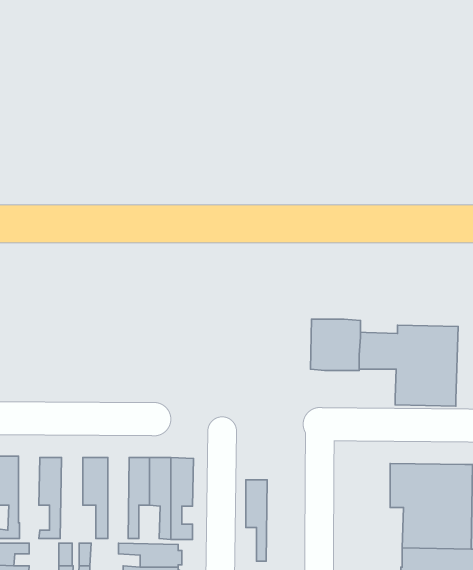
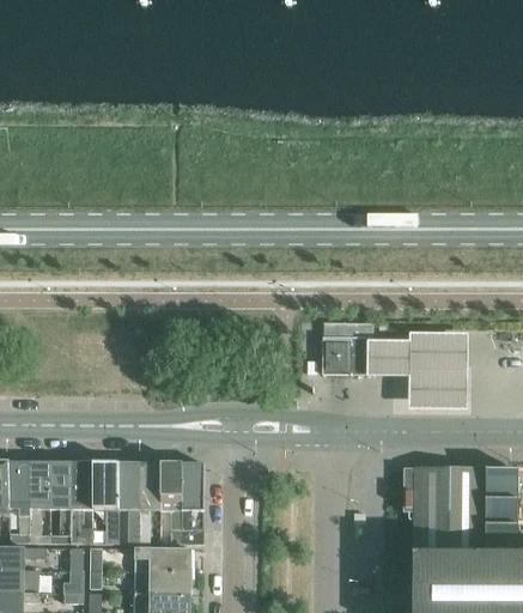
building: none -> [29,461,50,544]
building: none -> [71,462,93,544]
building: [246,480,267,561] -> [118,462,140,544]

